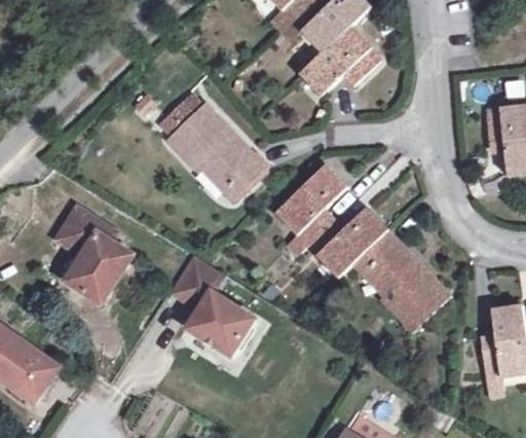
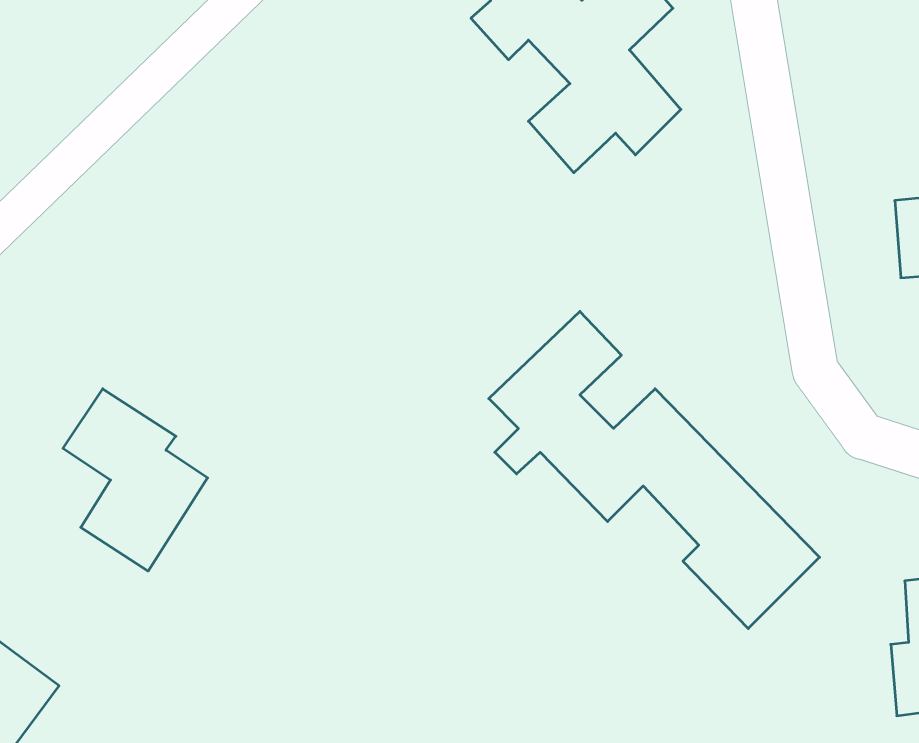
building: [160,95,266,200] -> none
building: [170,261,253,357] -> none

